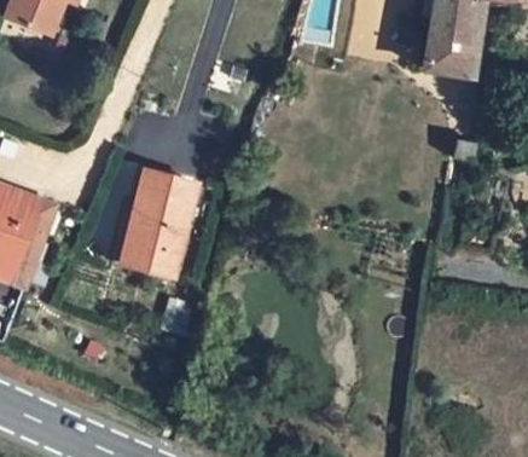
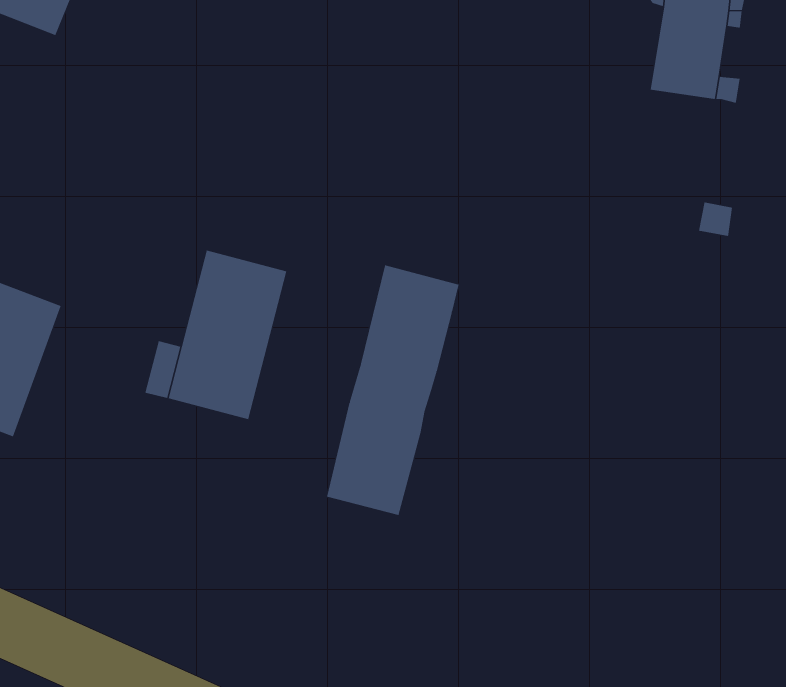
building: none -> [326,265,459,516]

